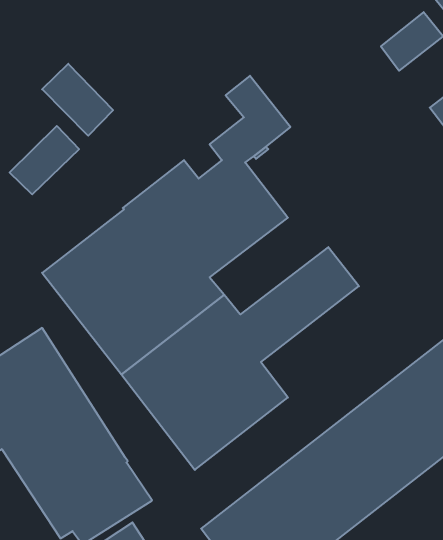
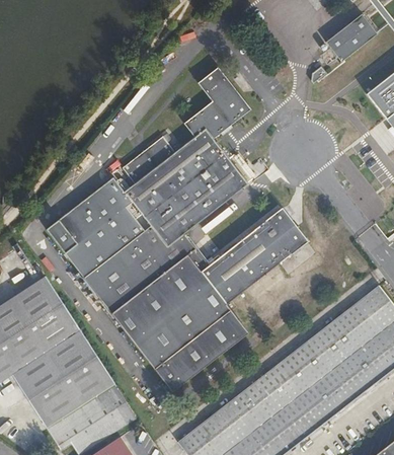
building: [42,64,113,136] -> none
building: [10,126,79,194] -> none

